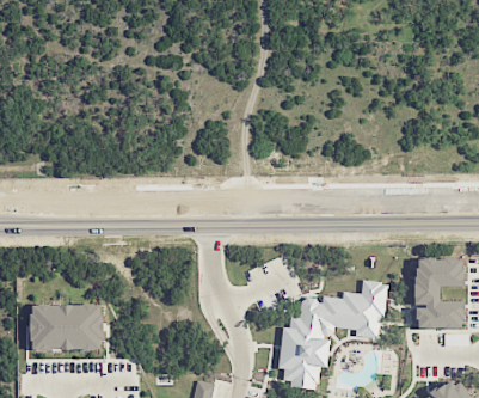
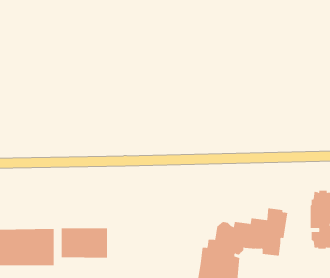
building: none -> [61,227,108,259]

